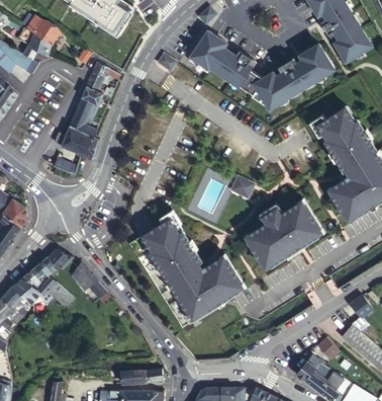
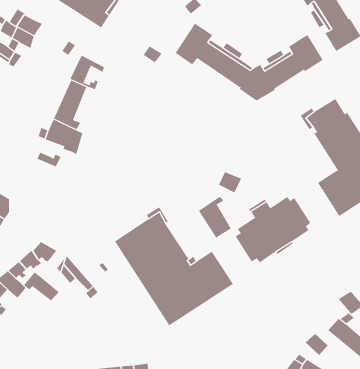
building: none -> [198,196,231,238]

